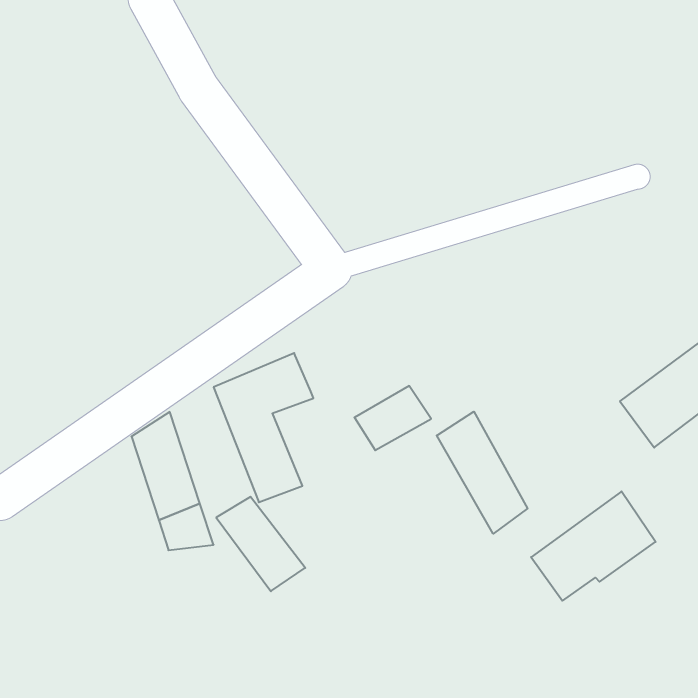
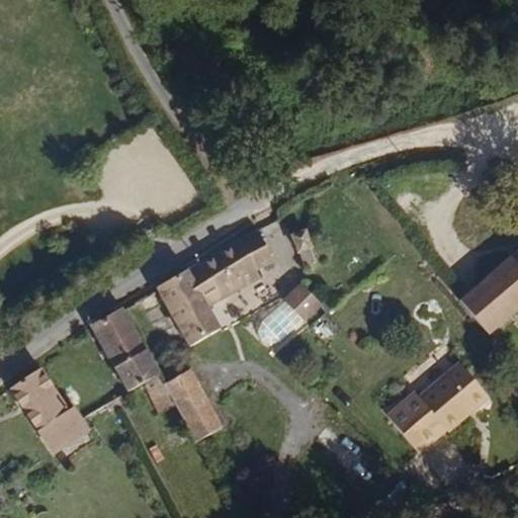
building: none -> [219,235,298,289]
building: [437,412,528,534] -> none
building: none -> [24,363,88,451]

